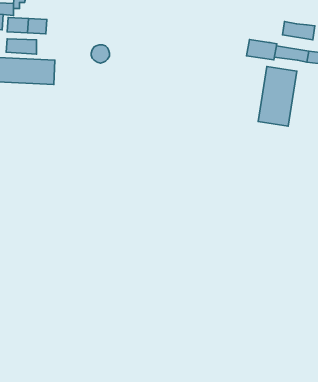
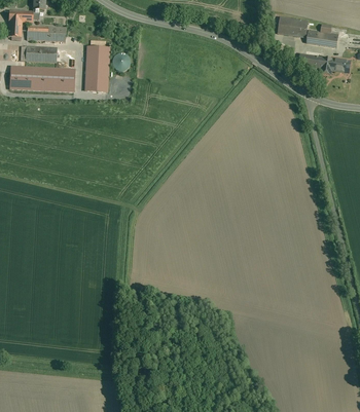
building: none -> [84,45,110,91]
building: [246,40,277,60] -> [278,16,309,37]
building: [258,66,297,126] -> none

